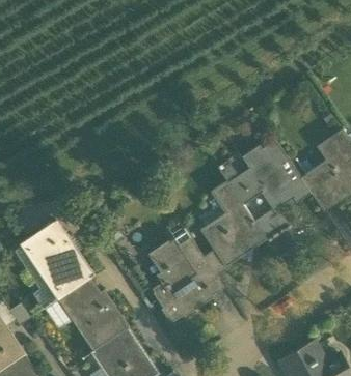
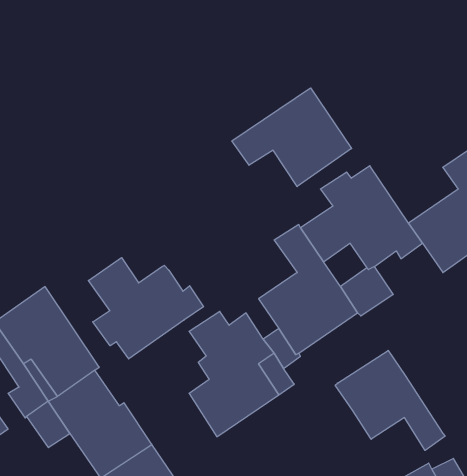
building: none -> [232,88,352,187]
building: none -> [88,258,204,359]
building: none -> [335,350,445,450]

